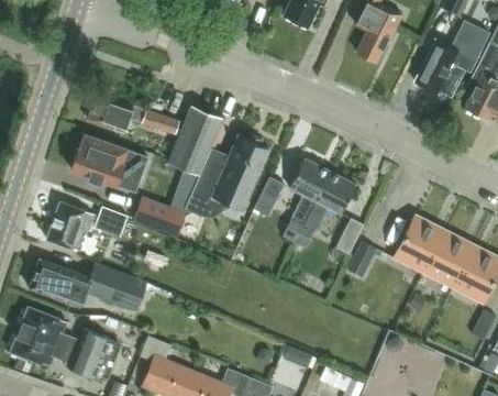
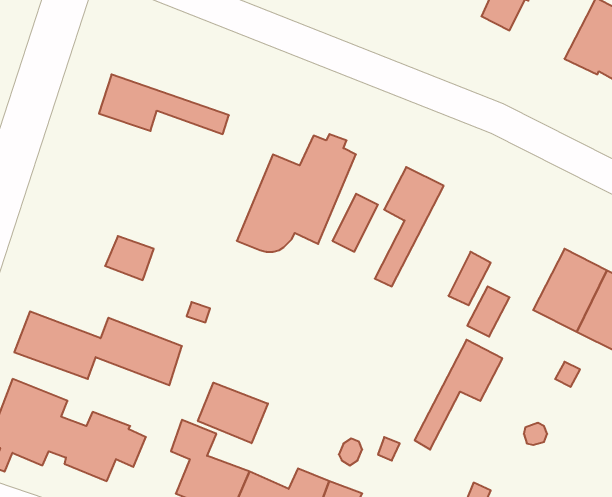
building: [168,105,223,175] -> none
building: [73,134,147,191] -> none
building: [295,171,356,248] -> [415,340,502,450]
building: [133,195,187,237] -> none
building: [47,201,95,250] -> none
building: none -> [198,383,268,443]

